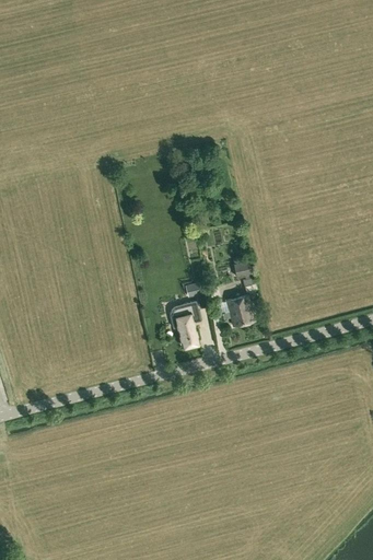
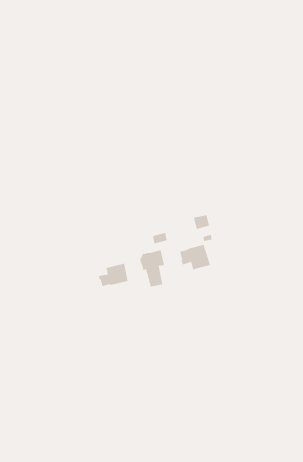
building: none -> [98,263,128,287]

